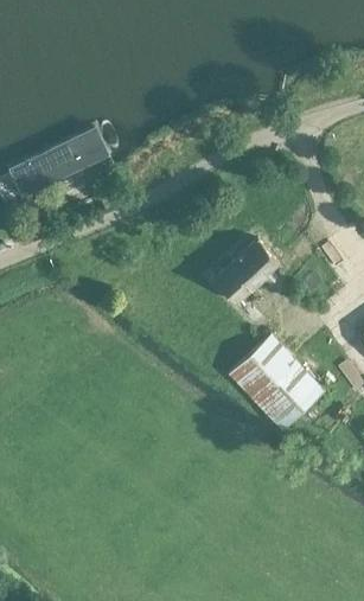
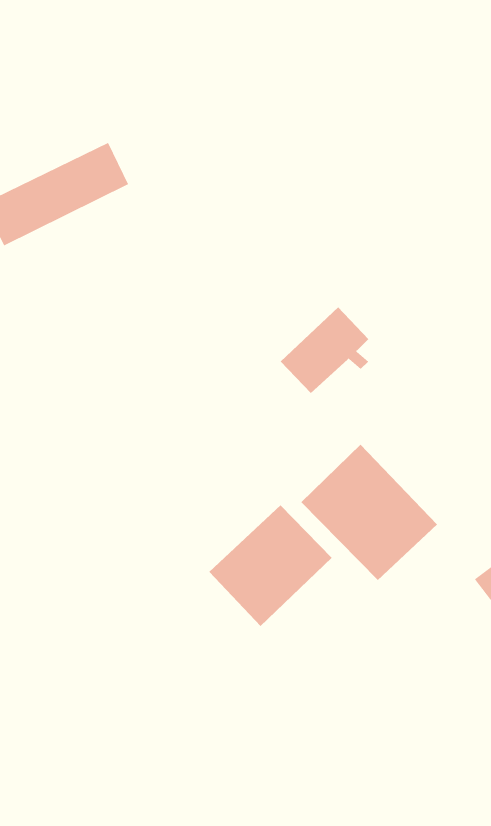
building: none -> [209,504,333,627]

